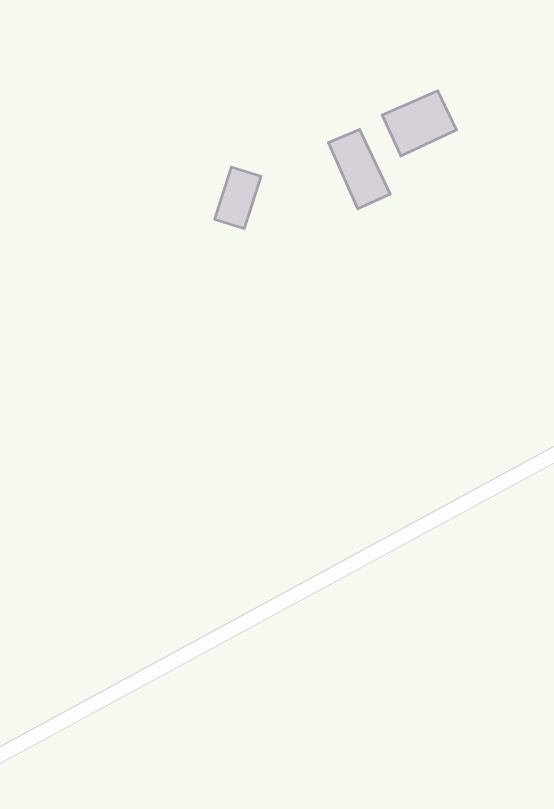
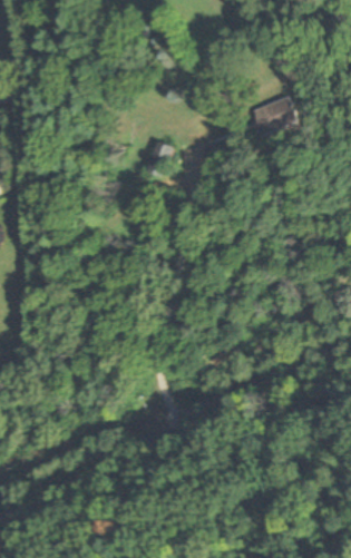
building: [328,129,390,209] -> none

